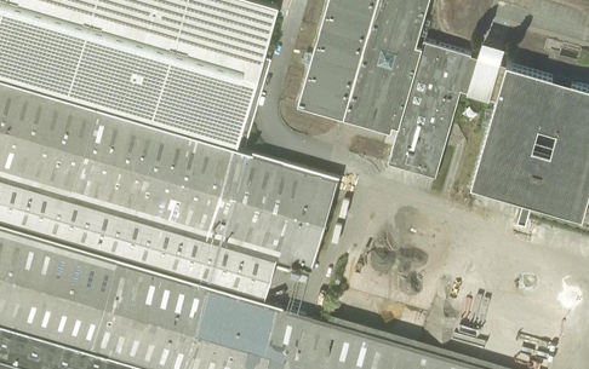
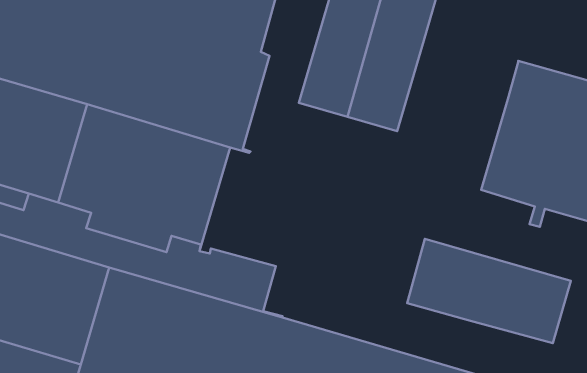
building: [388,41,505,178] -> none
building: [202,148,339,271] -> none
building: none -> [407,239,571,343]

